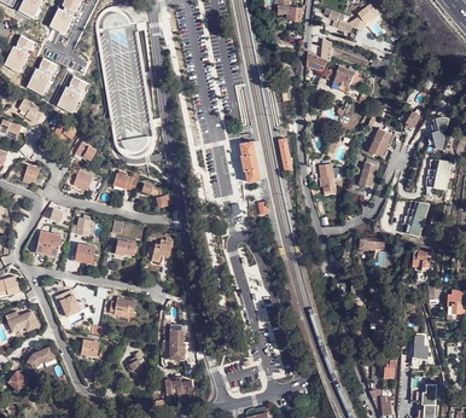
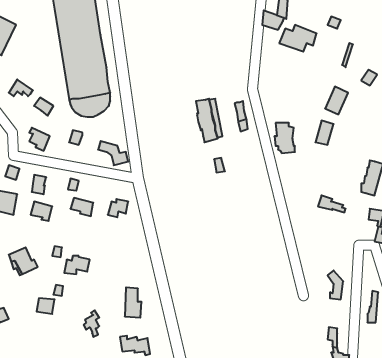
building: [56,74,88,112] -> none

